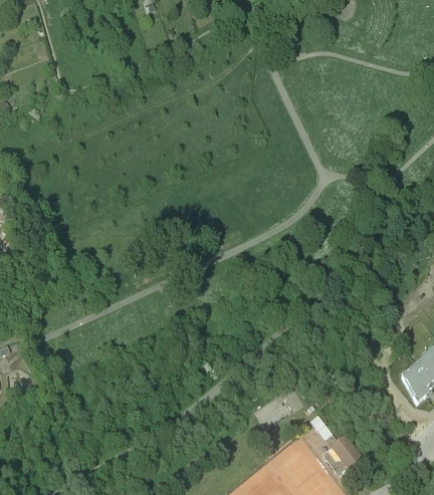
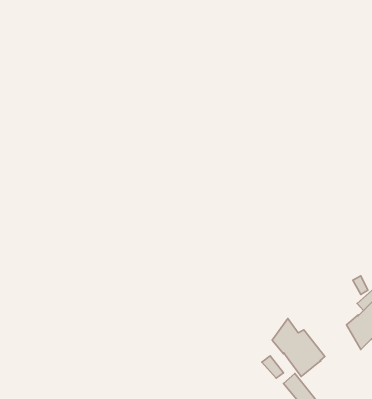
building: none -> [272,319,325,377]

